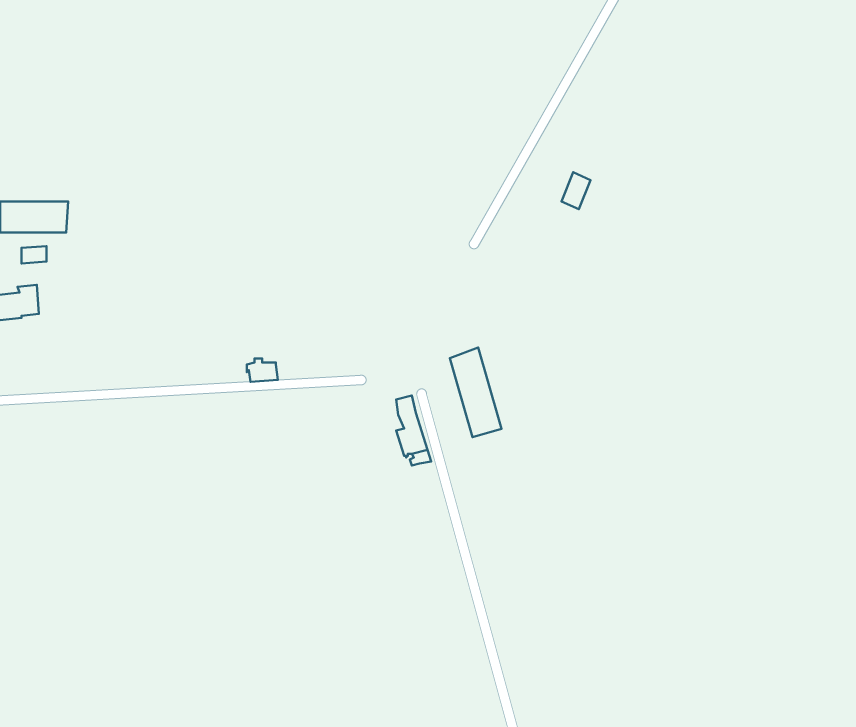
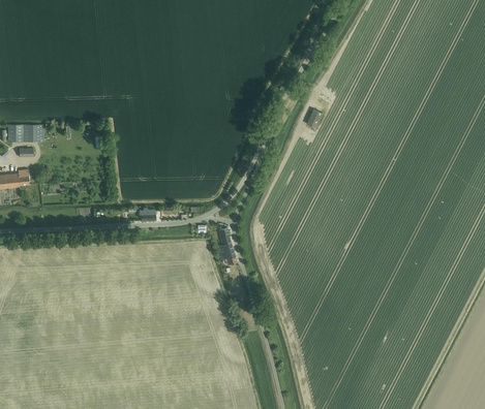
building: [450,347,502,437] -> none

